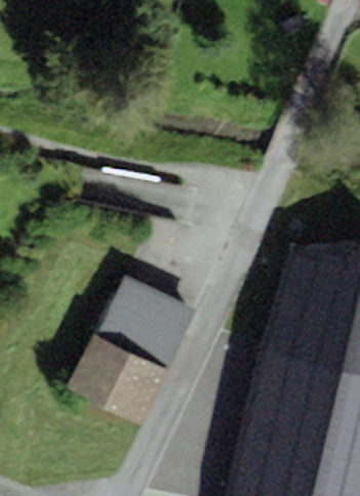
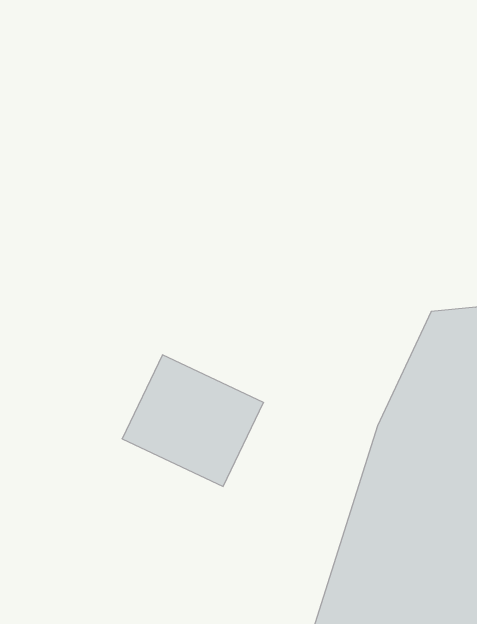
building: [70,332,172,424] -> none

